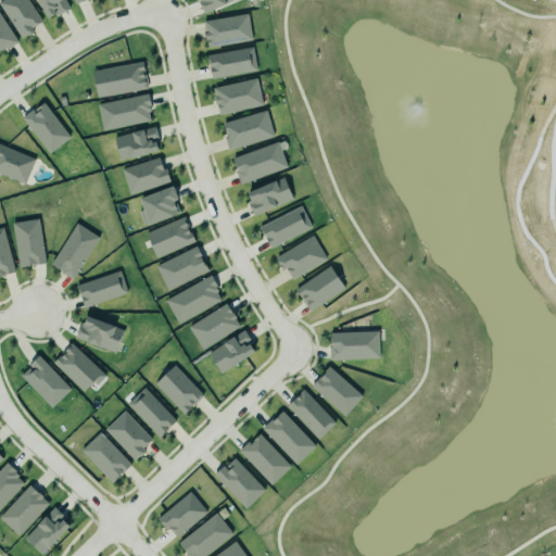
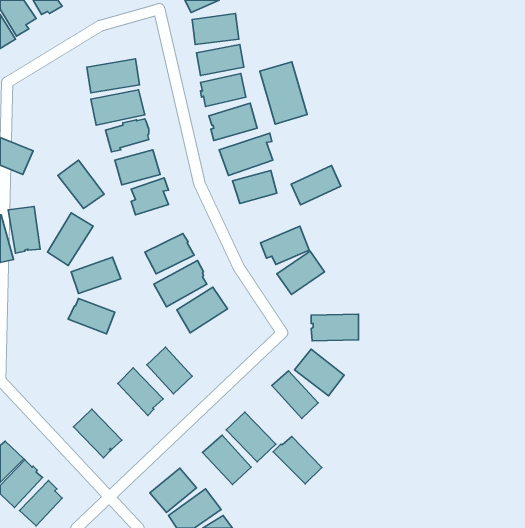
building: none -> [260,62,307,124]
building: [24,102,73,153] -> [58,160,104,209]
building: [262,206,314,248] -> [291,166,341,205]
building: [146,215,194,256] -> none
building: [210,331,258,374] -> none
building: [53,341,105,390] -> none
building: [18,353,74,409] -> none
building: [106,410,155,460] -> none
building: [264,410,315,460] -> [273,436,322,484]

